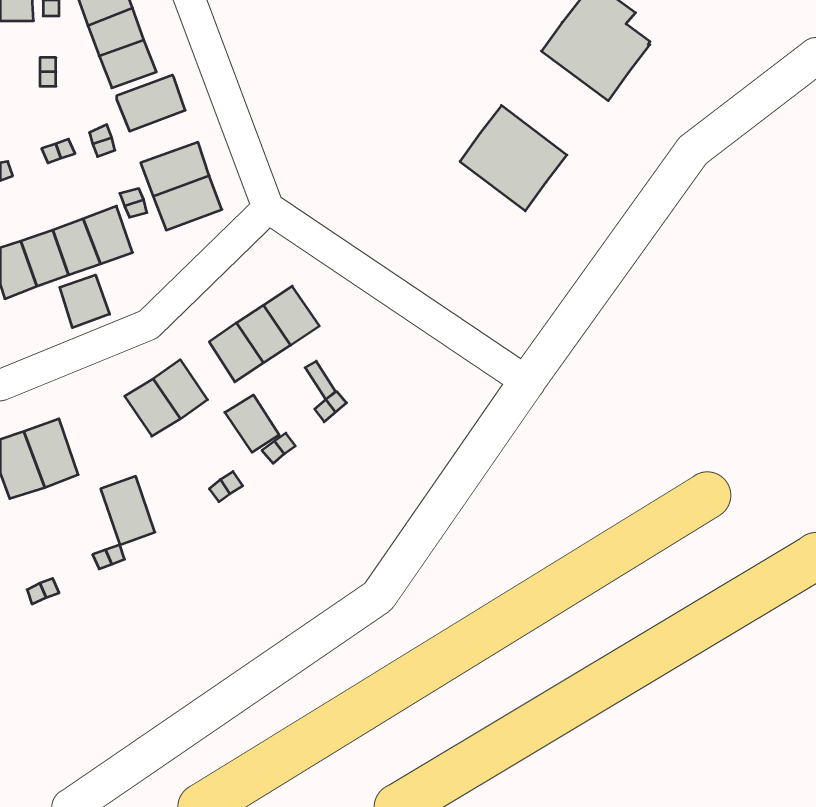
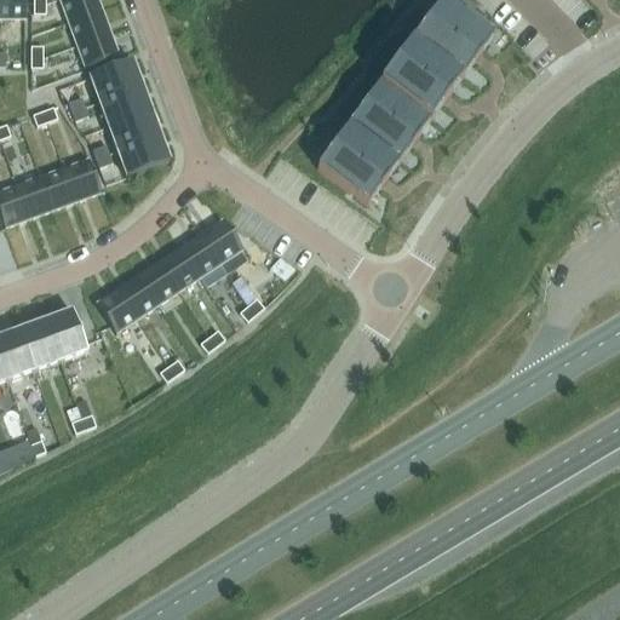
building: none -> [380,39,461,117]
building: none -> [98,84,150,124]
building: none -> [316,122,398,202]
building: [60,275,110,328] -> none
building: [225,395,279,452] -> [137,259,178,303]
building: [101,476,155,545] -> [45,308,86,360]

